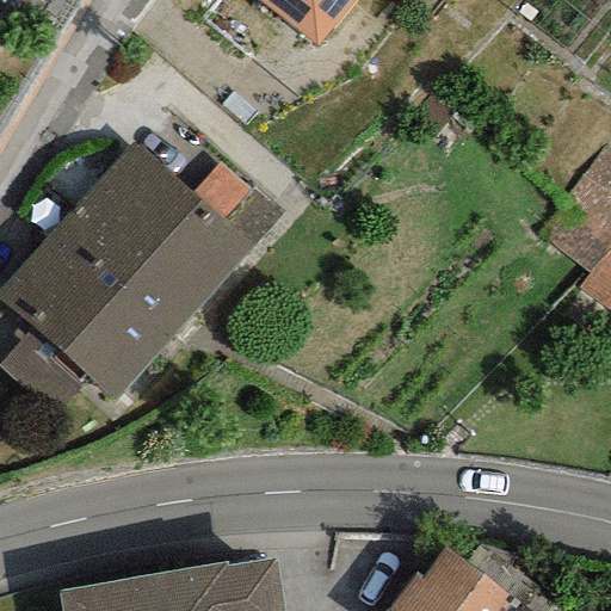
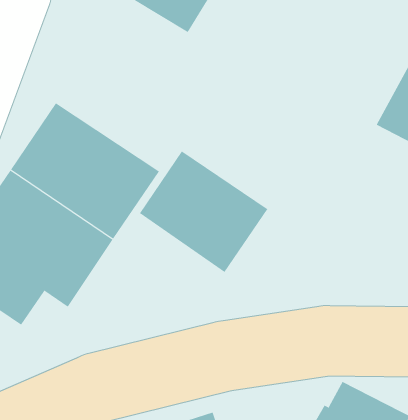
building: none -> [139,150,268,273]

